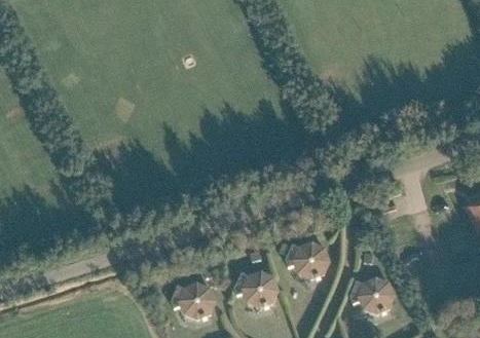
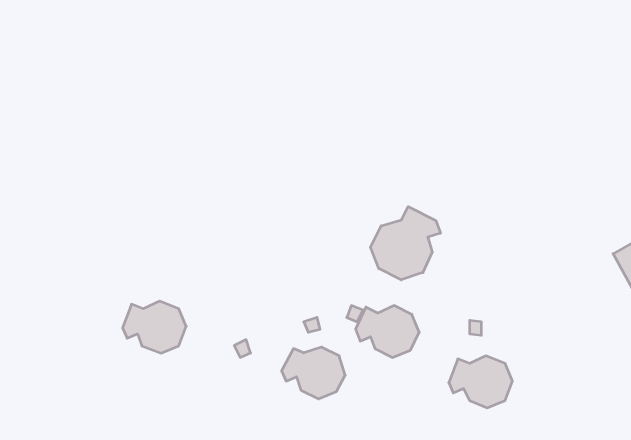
building: none -> [371,207,440,280]
building: [171,283,215,318] -> [123,301,186,353]

